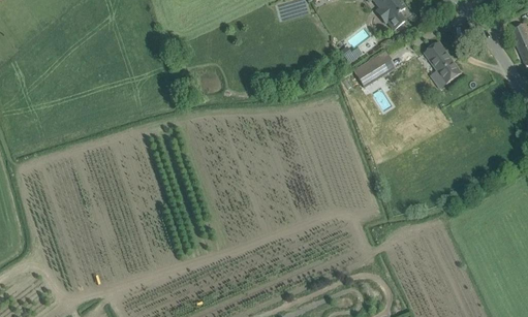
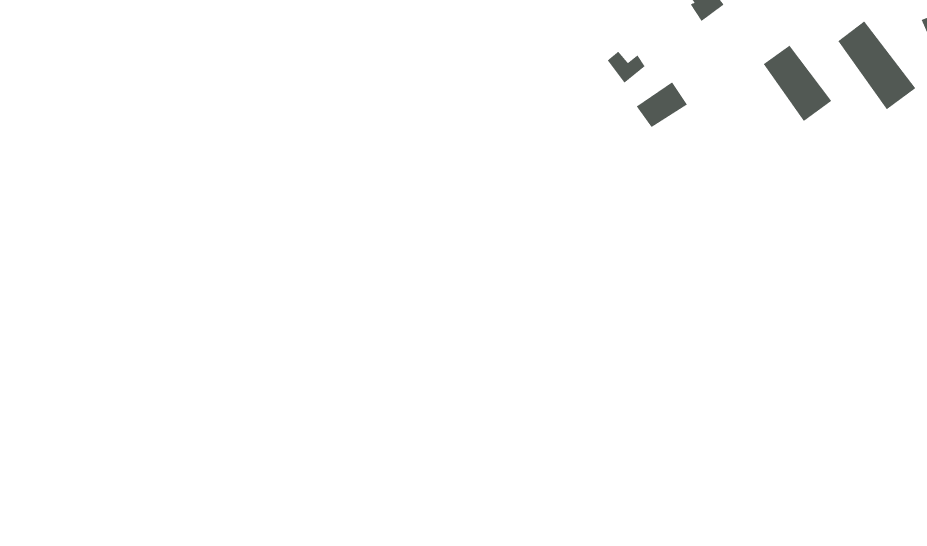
building: none -> [837,21,916,110]

